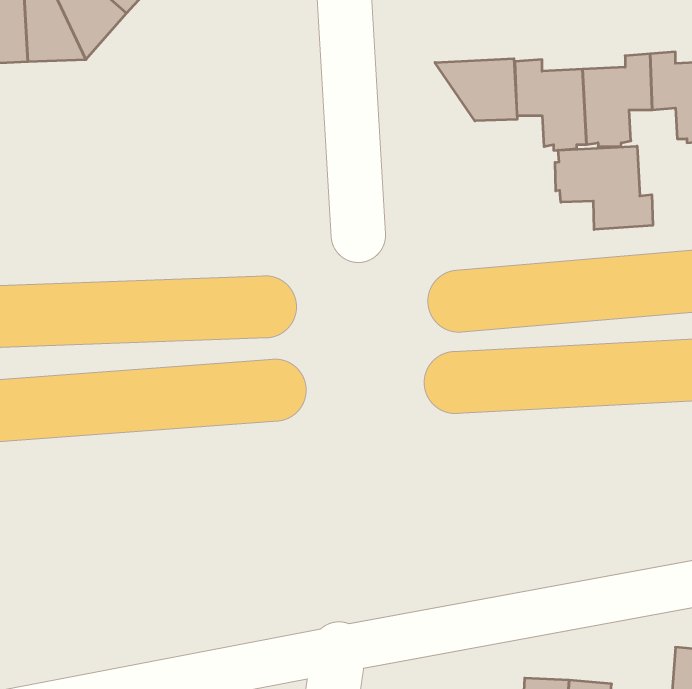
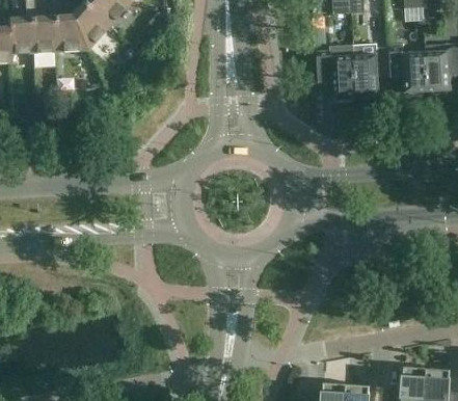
building: [435,59,517,121] -> none
building: [555,146,653,230] -> none

